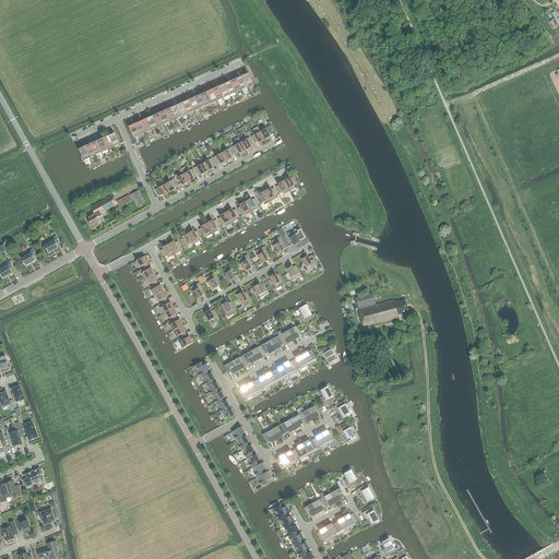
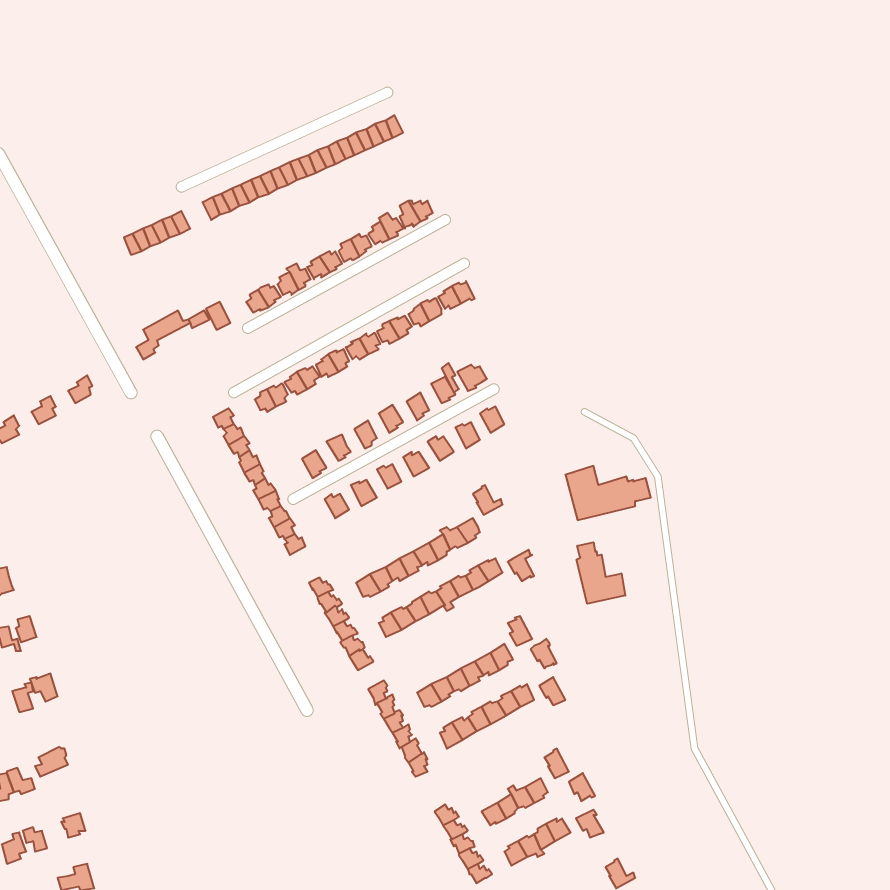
building: none -> [577,542,625,604]

